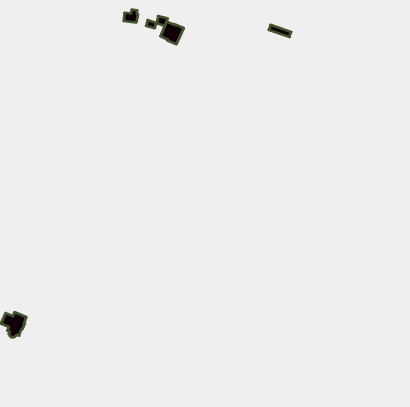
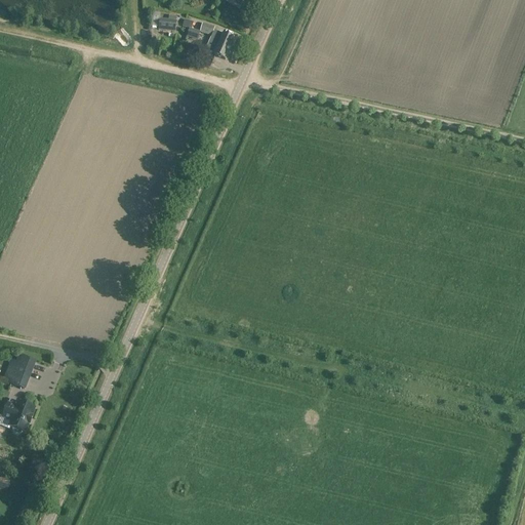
building: none -> [8,353,34,386]

